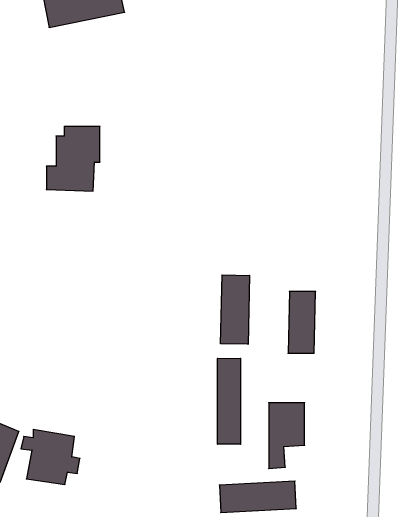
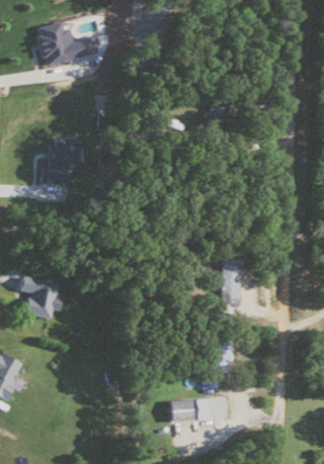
building: [221,275,250,344] -> none
building: [218,358,241,444] -> none
building: [21,429,80,484] -> [18,278,62,318]

